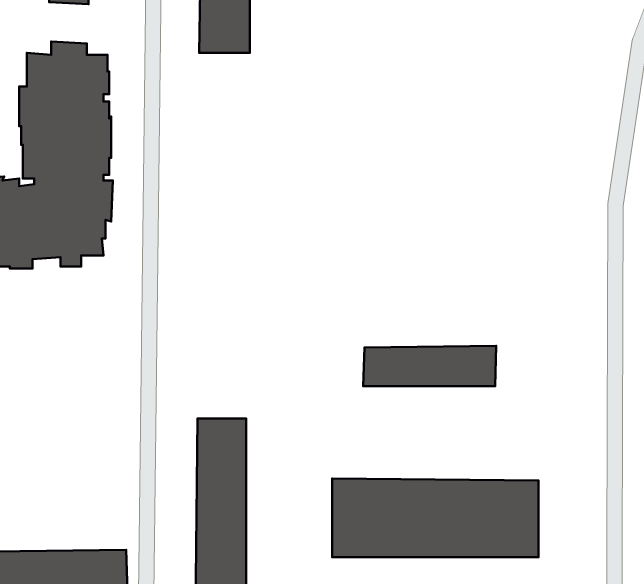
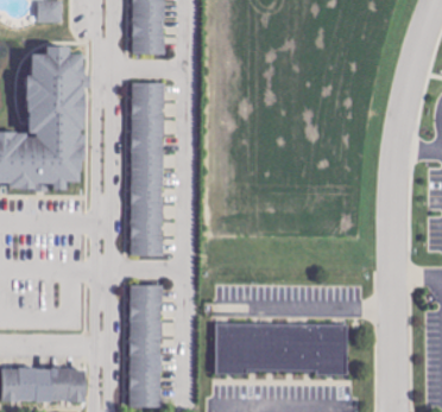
building: none -> [131,82,164,256]
building: [363,346,496,386] -> none

